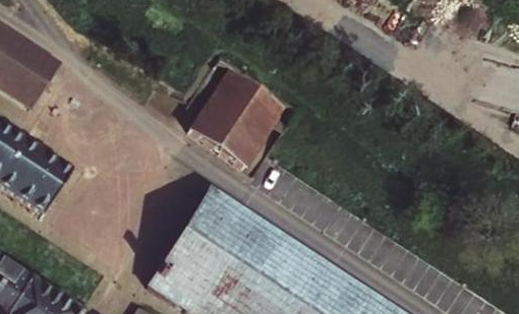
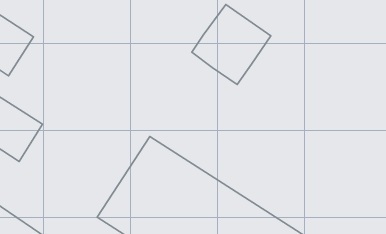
building: [190,64,290,165] -> [192,4,271,84]

